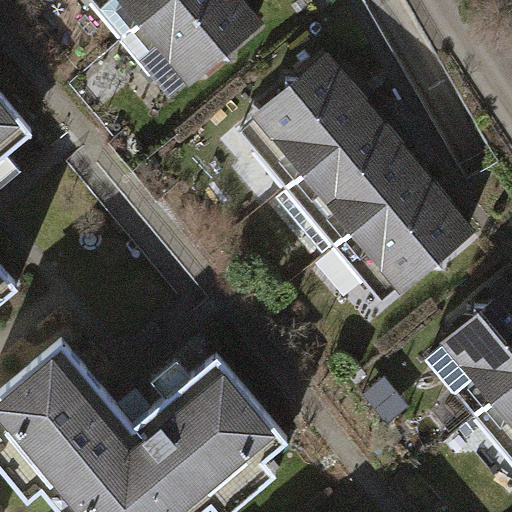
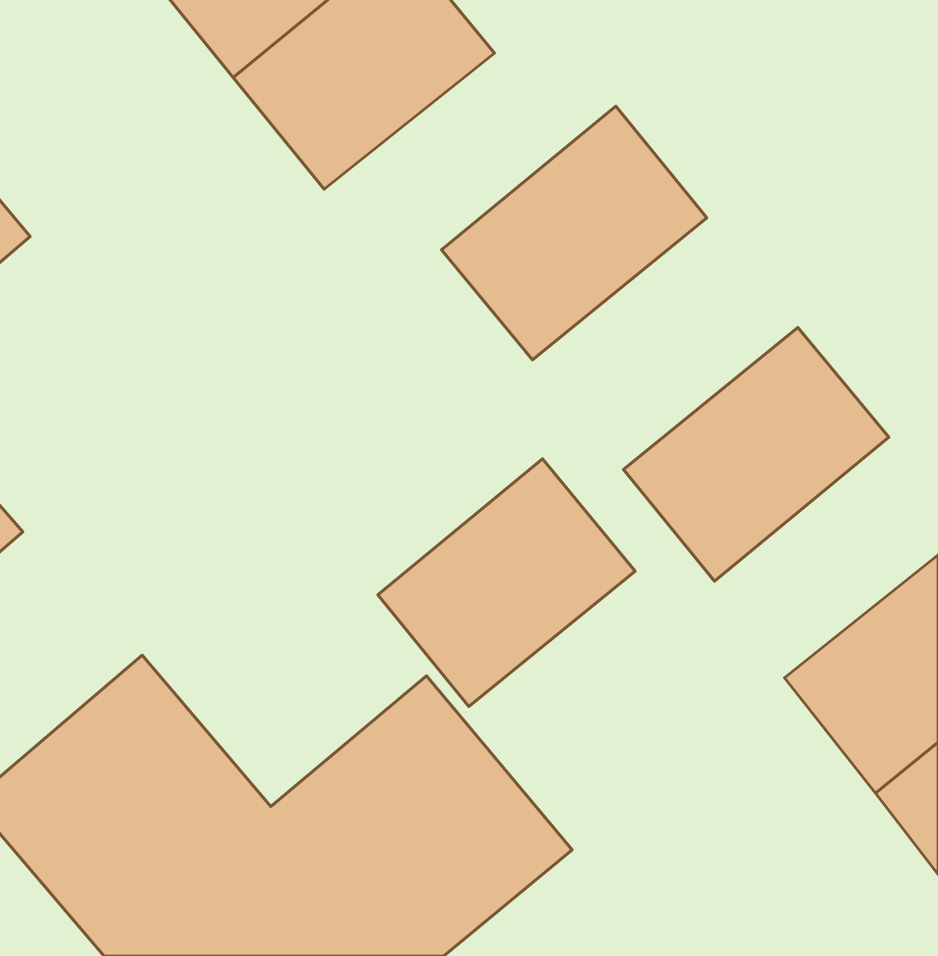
building: [281,115,421,248] -> none
building: none -> [378,459,635,707]

